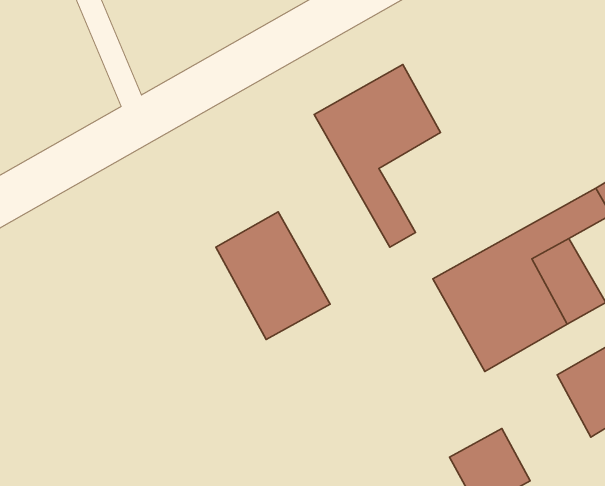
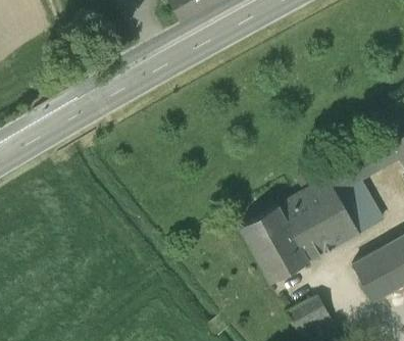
building: [314,64,440,247] -> none
building: [216,212,330,340] -> [240,205,309,283]

